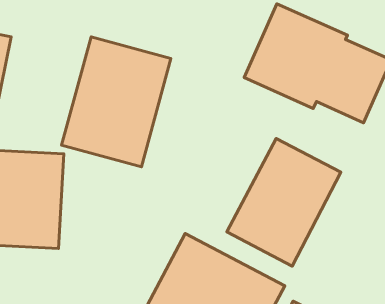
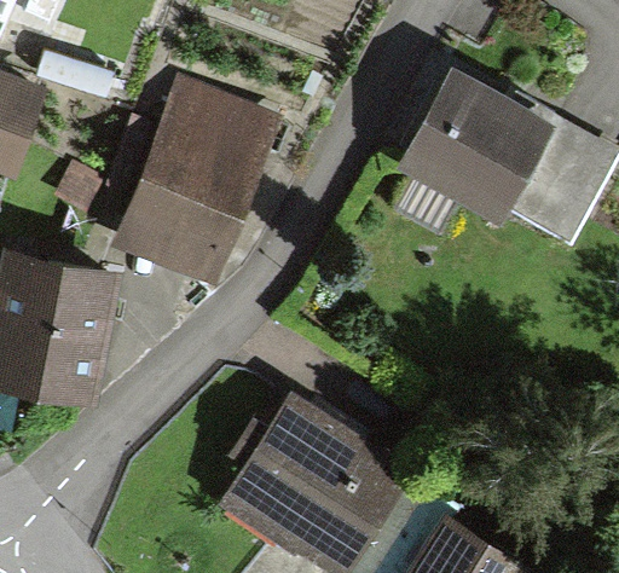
building: [227,139,341,266] -> none

